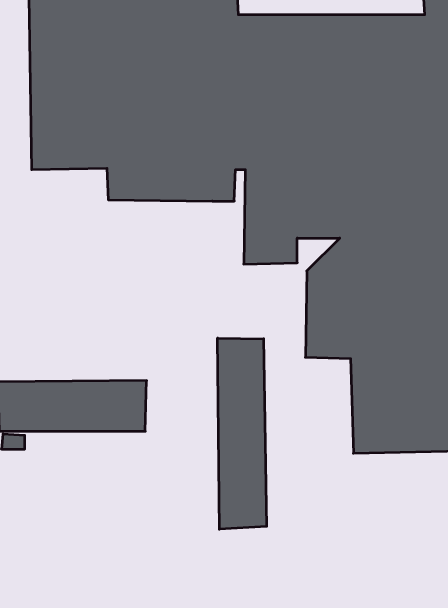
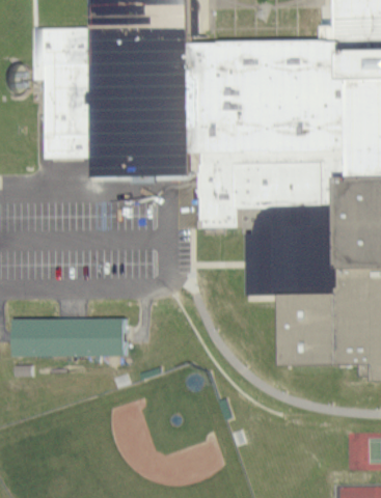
building: [218,338,267,529] -> none

